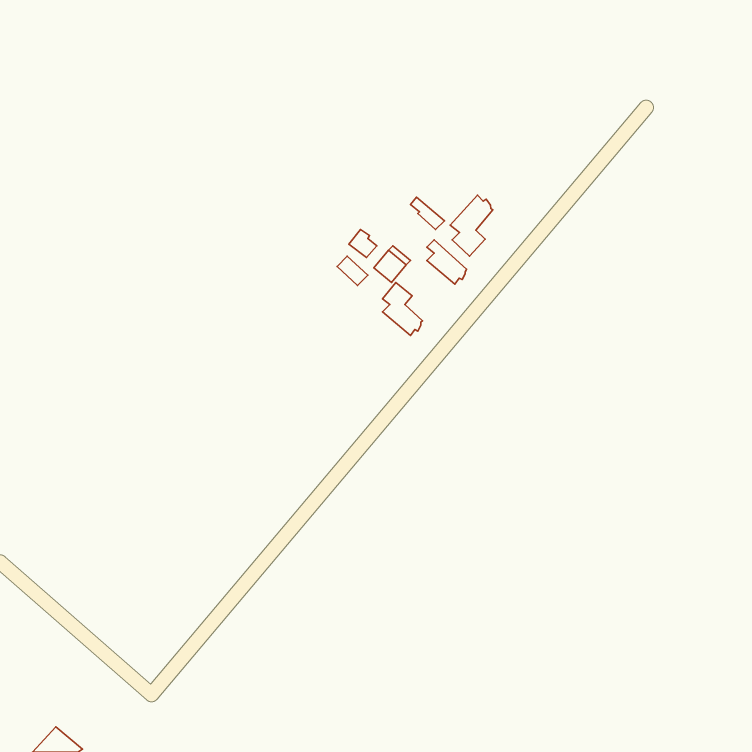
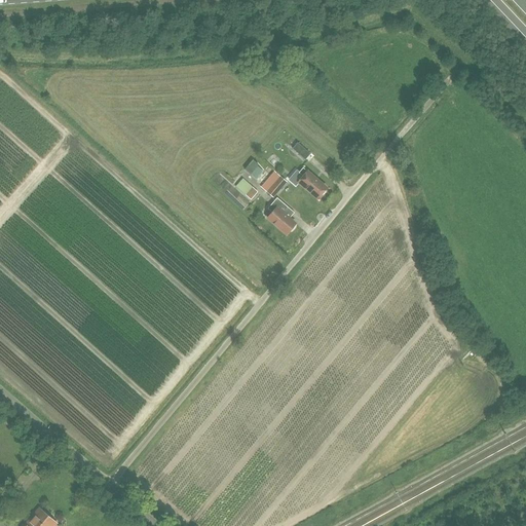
building: [450,195,493,256] -> none

